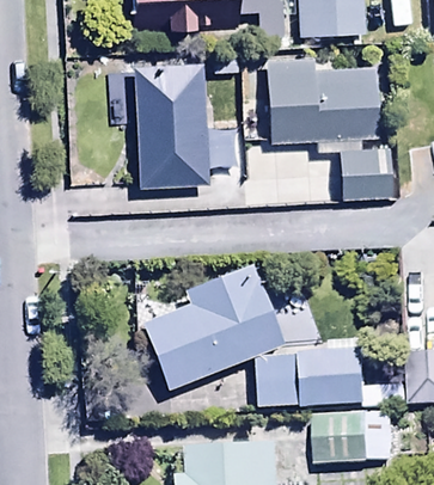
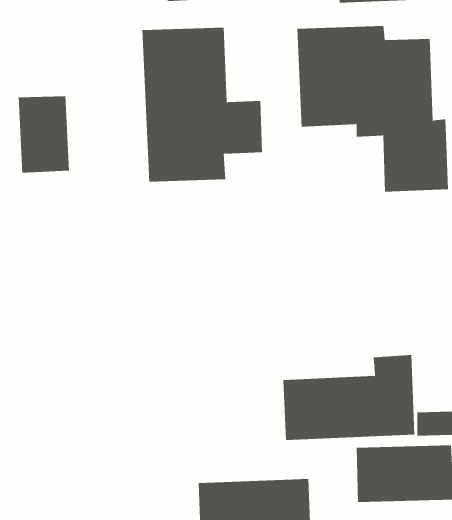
building: none -> [18,96,69,173]
building: [145,264,283,387] -> none

